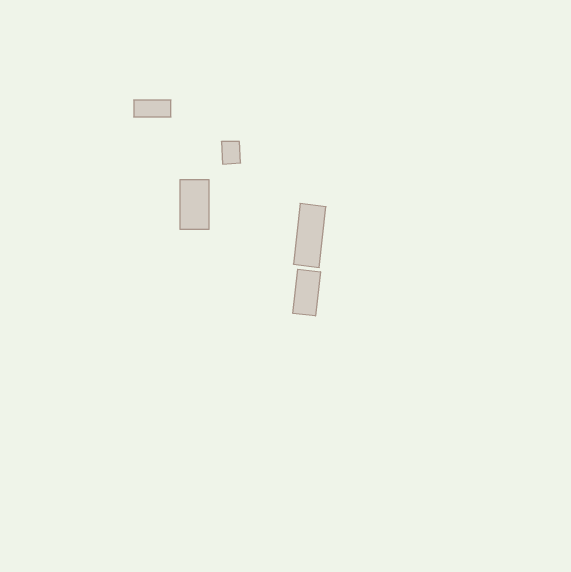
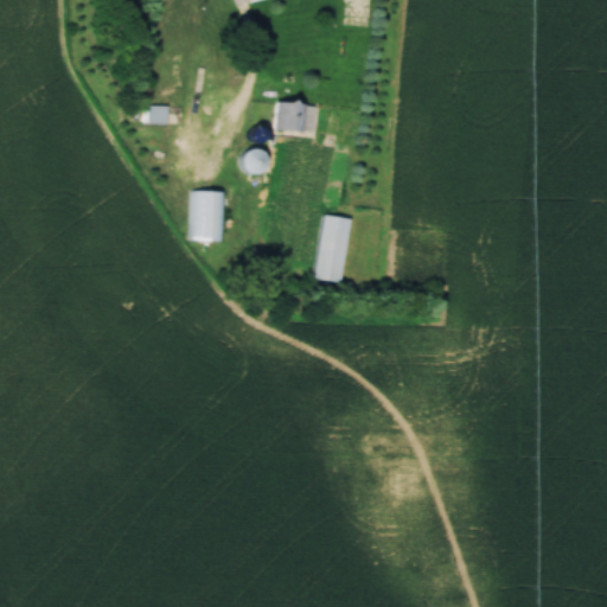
building: none -> [277,104,314,132]
building: [293,269,320,316] -> none

